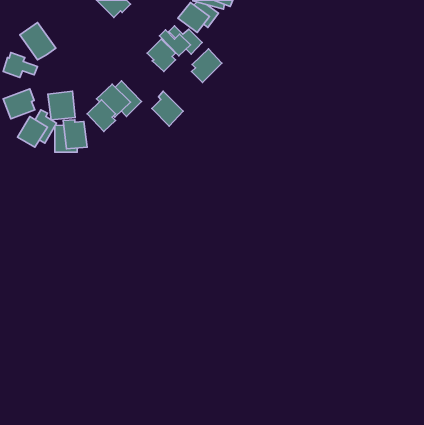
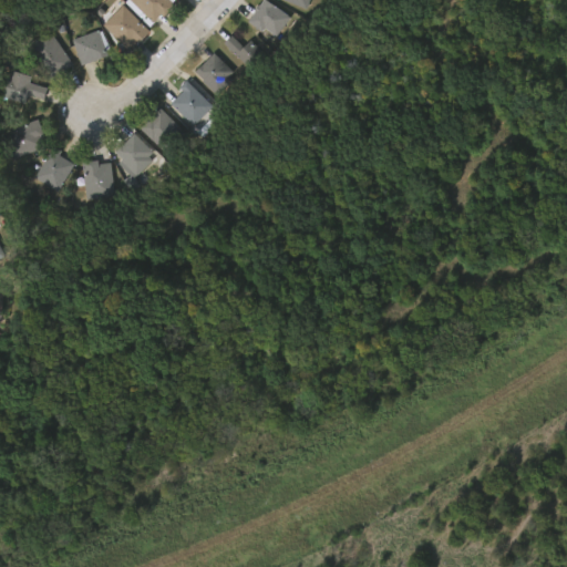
building: none -> [102,4,148,49]
building: none -> [71,30,109,65]
building: [192,49,222,82] -> none
building: [152,91,183,126] -> [169,80,212,126]
building: [48,91,75,120] -> none

